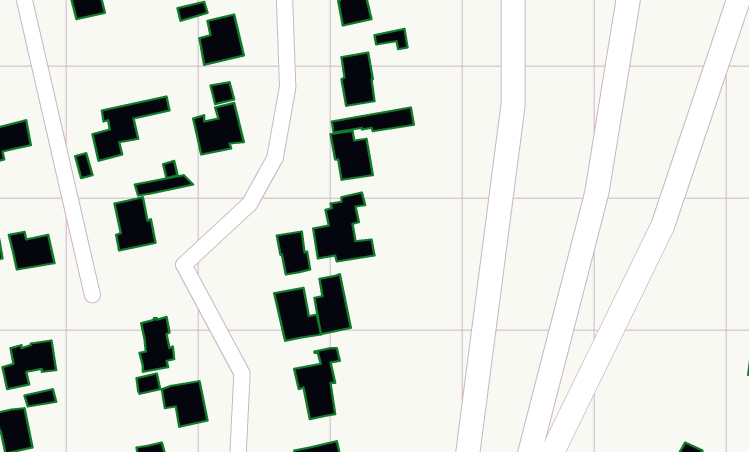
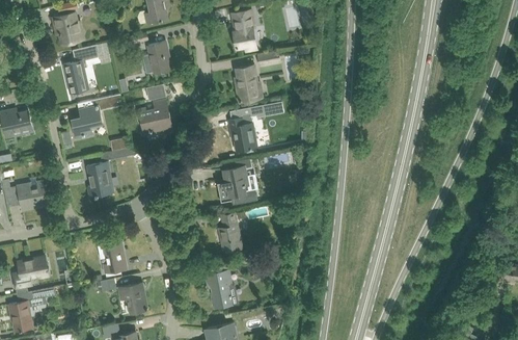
building: none -> [63,45,99,93]
building: [277,232,310,274] -> none
building: [274,288,321,341] -> none

